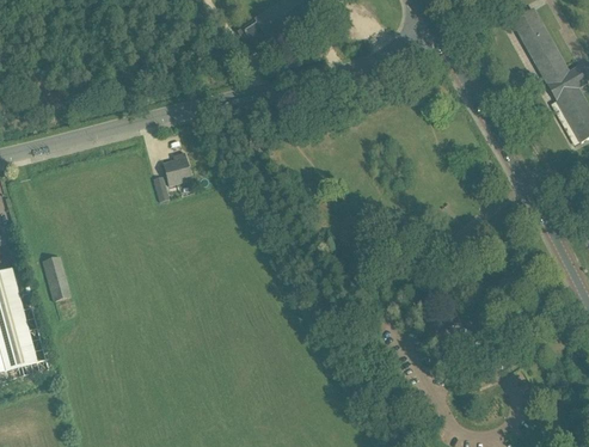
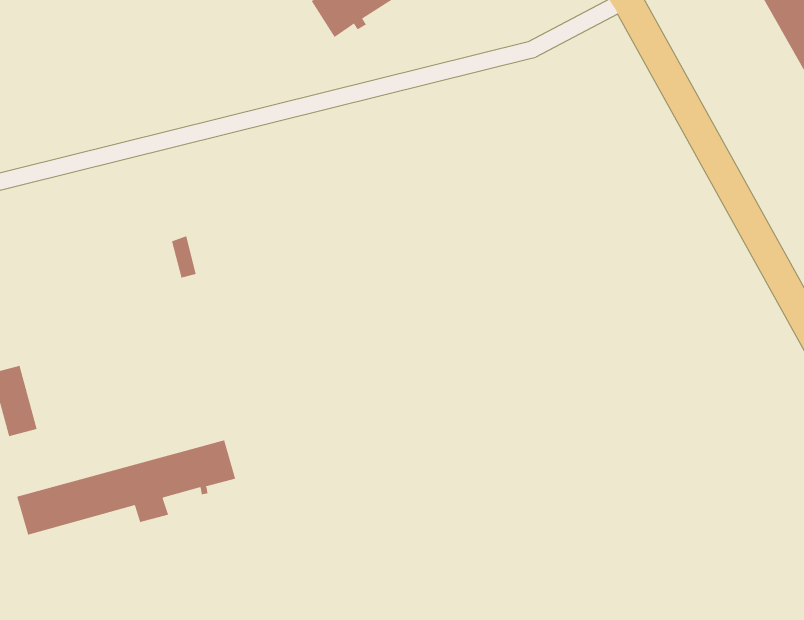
building: [161,152,190,183] -> none
building: none -> [17,439,236,536]

